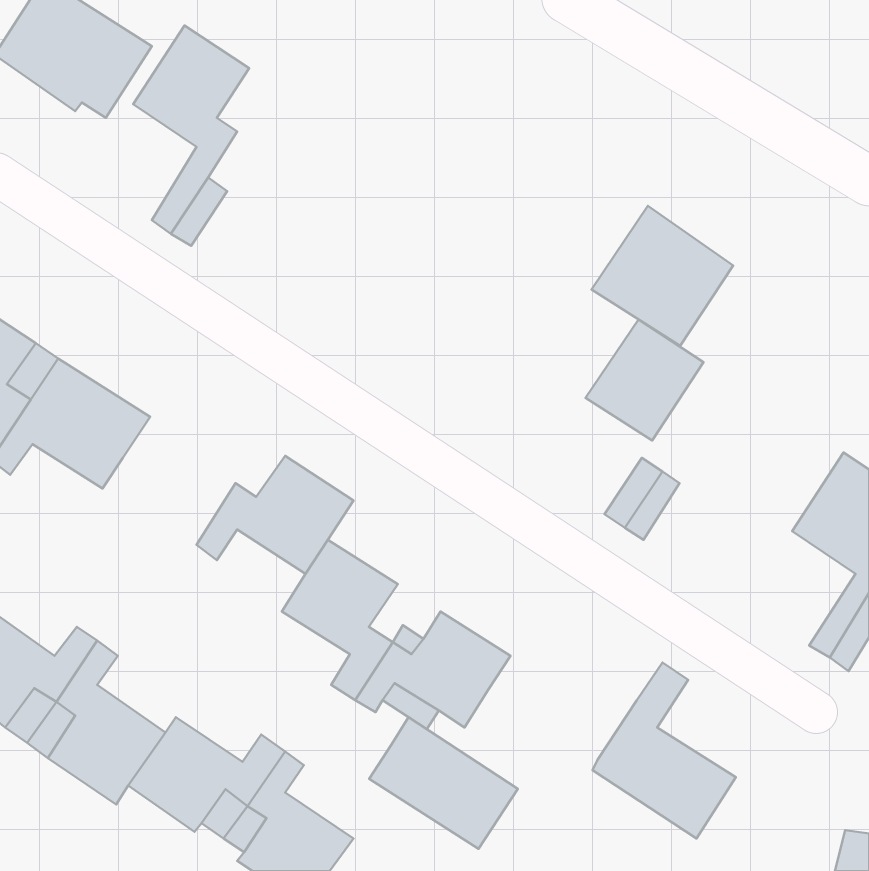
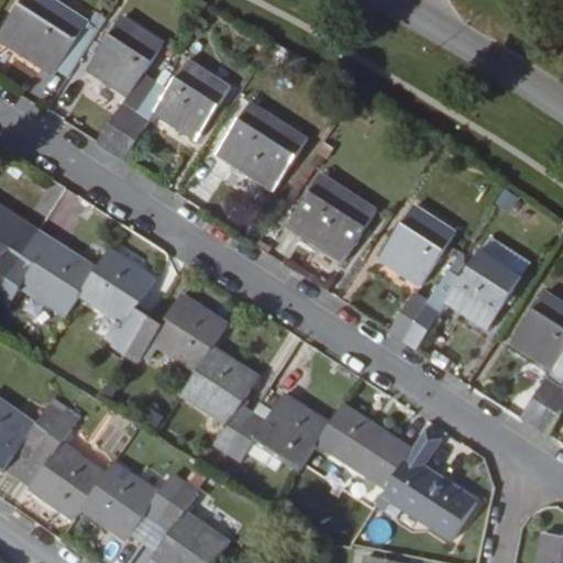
building: none -> [152,59,225,137]
building: none -> [218,102,303,188]
building: [592,206,733,346] -> [283,170,374,261]
building: none -> [79,247,154,351]
building: none -> [444,250,519,327]
building: [369,717,518,849] -> [314,405,410,489]

